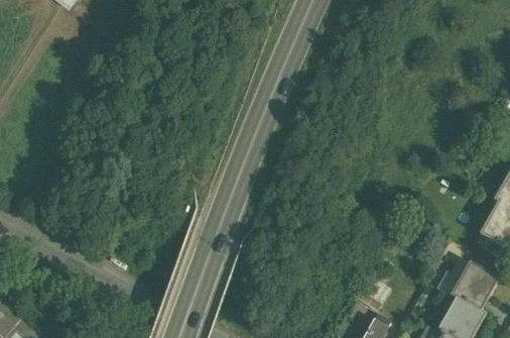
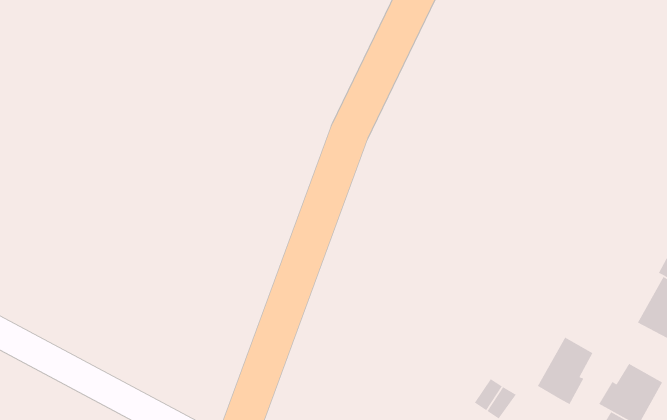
building: none -> [537,337,593,405]

